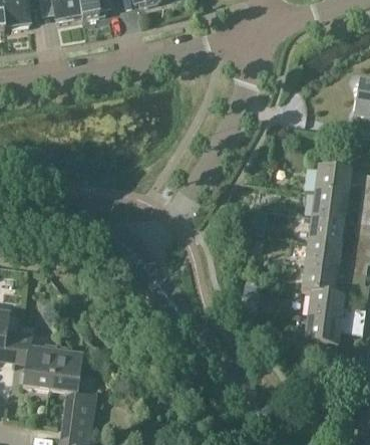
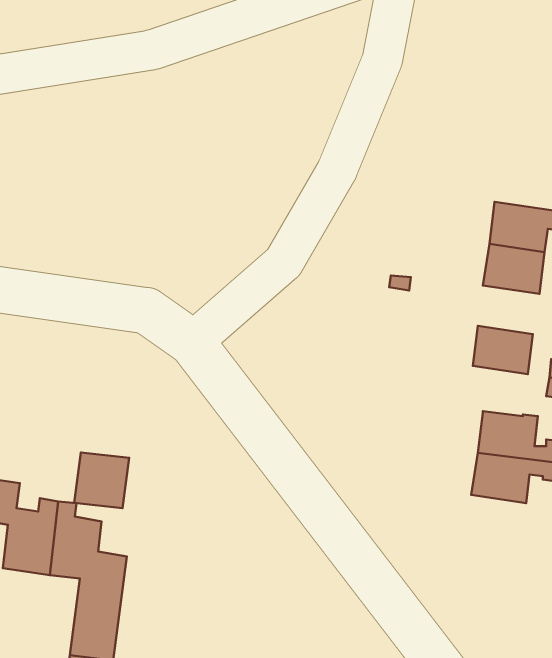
building: [308,215,345,244] -> none
building: [301,263,338,293] -> none
building: none -> [74,453,129,508]

